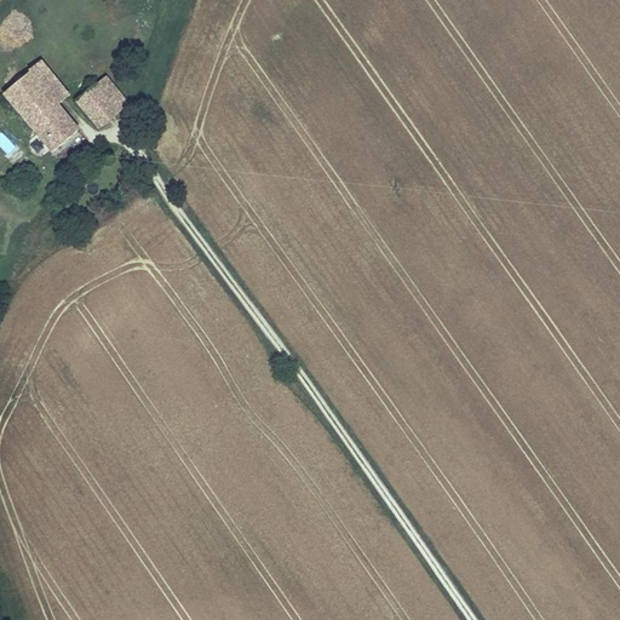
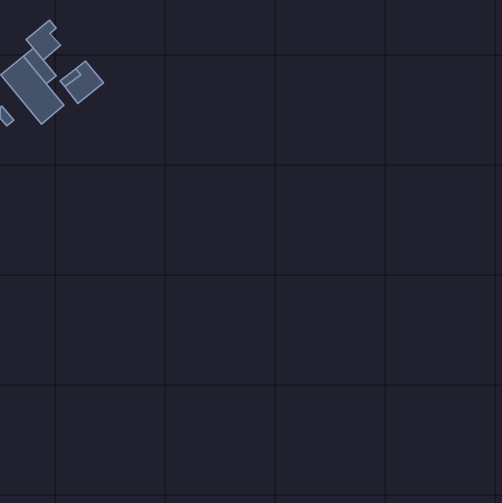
building: none -> [26,20,60,60]

